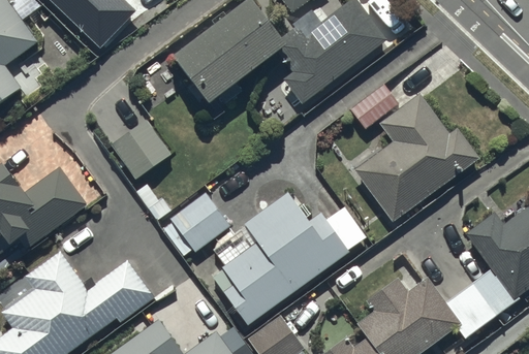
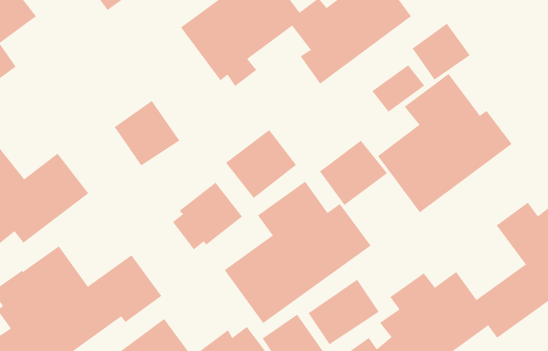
building: none -> [412,23,471,81]
building: none -> [225,129,297,199]
building: none -> [319,140,388,206]
building: none -> [308,279,379,345]

